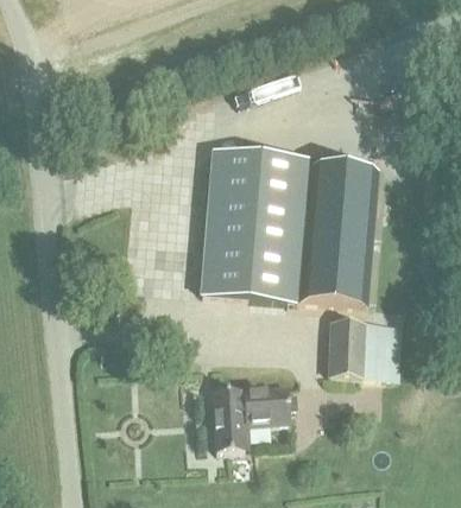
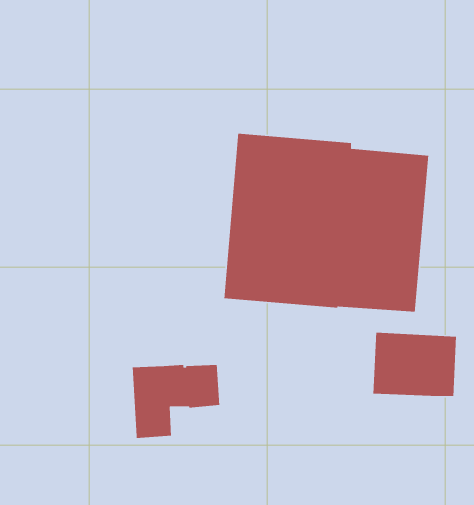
building: [211,385,288,449] -> [132,364,220,439]

